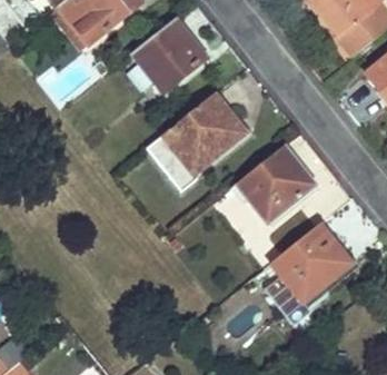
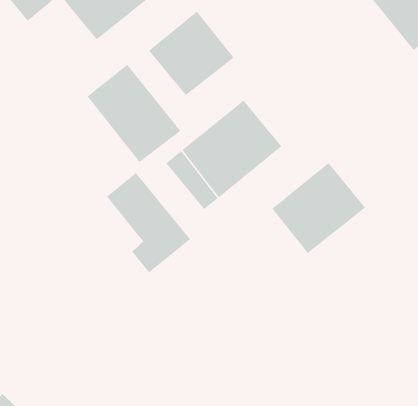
building: none -> [87,64,181,163]
building: none -> [106,172,191,273]
building: [271,225,350,302] -> none

